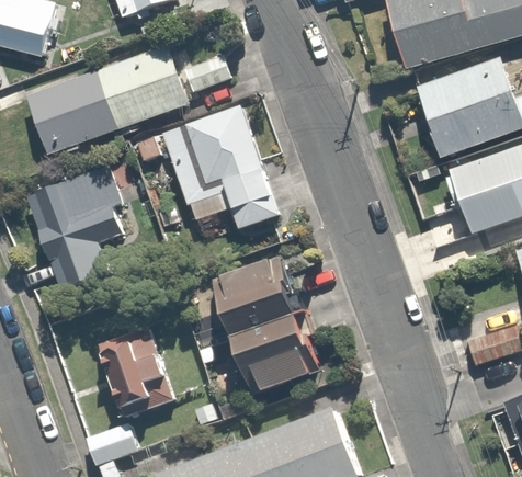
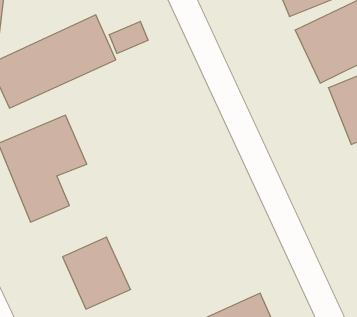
building: [159,106,280,228] -> none
building: [212,260,319,393] -> none

